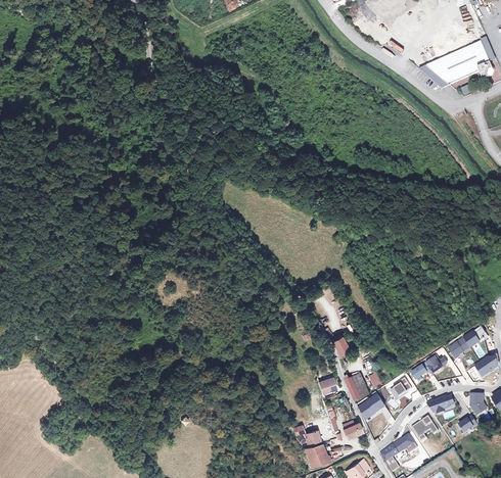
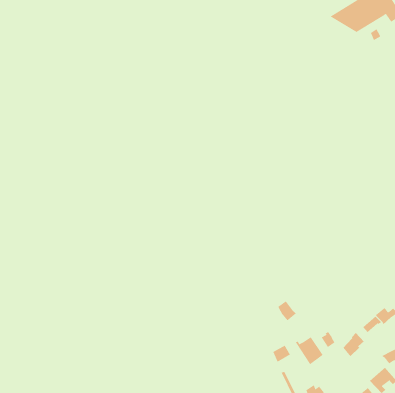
building: [358,393,385,420] -> none

